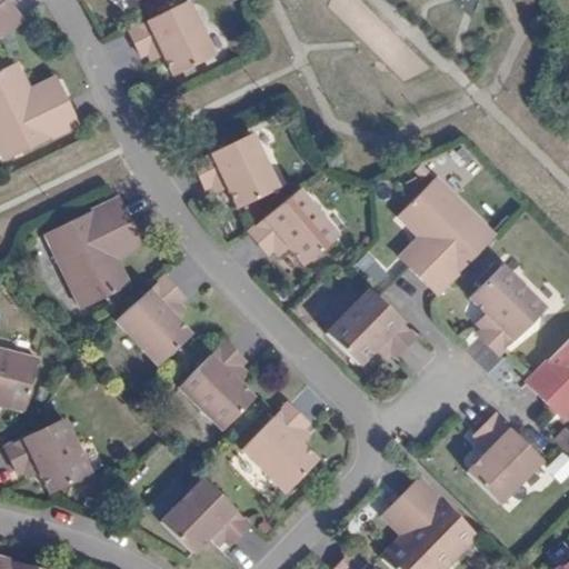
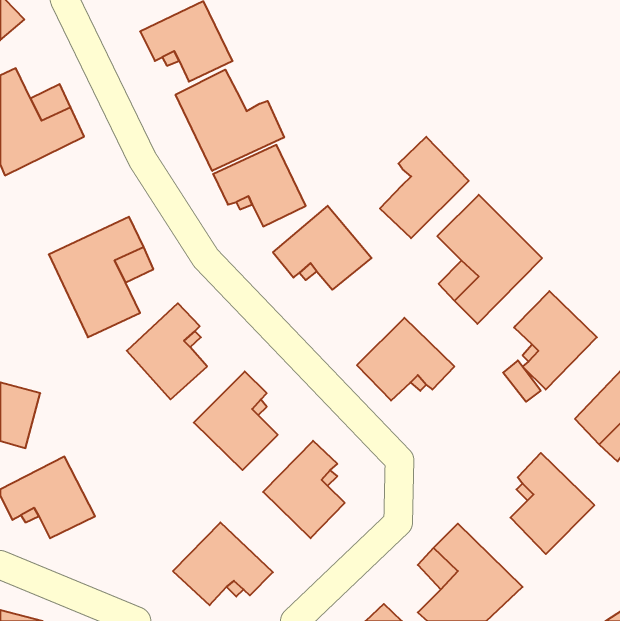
building: none -> [176,70,284,171]
building: none -> [380,137,469,238]

